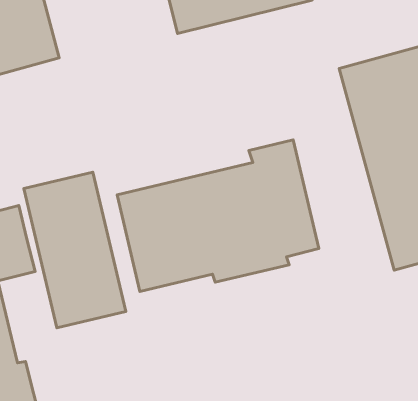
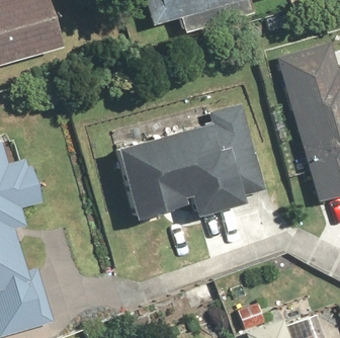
building: [24,172,126,328] -> none

